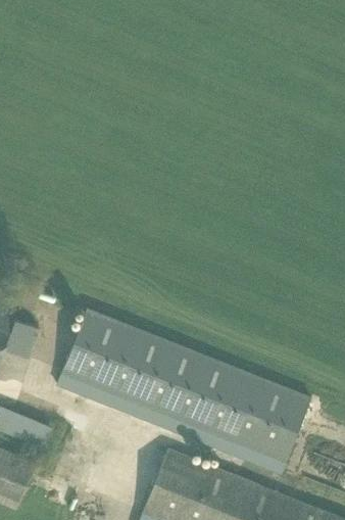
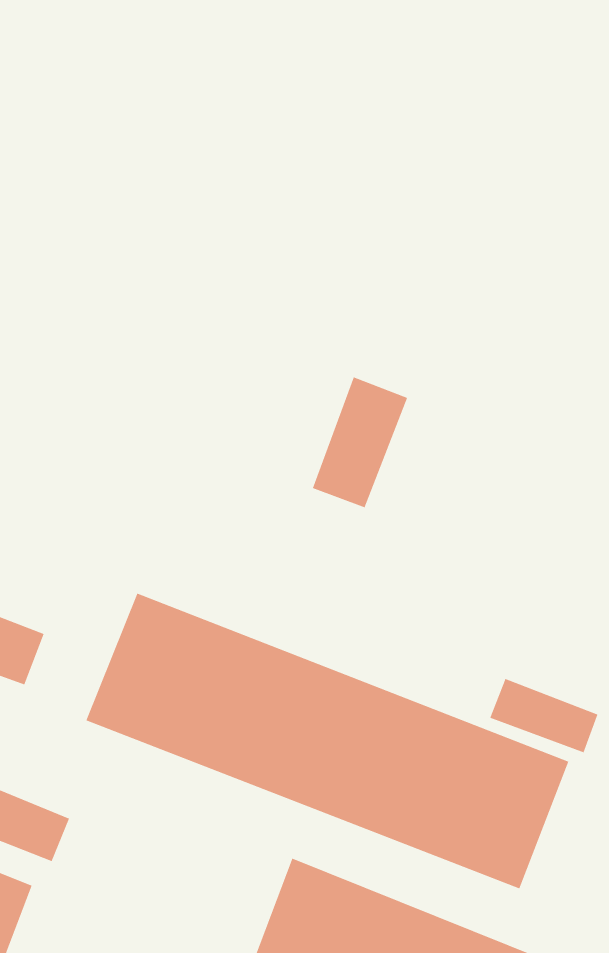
building: none -> [312,376,408,508]
building: none -> [489,678,598,753]

